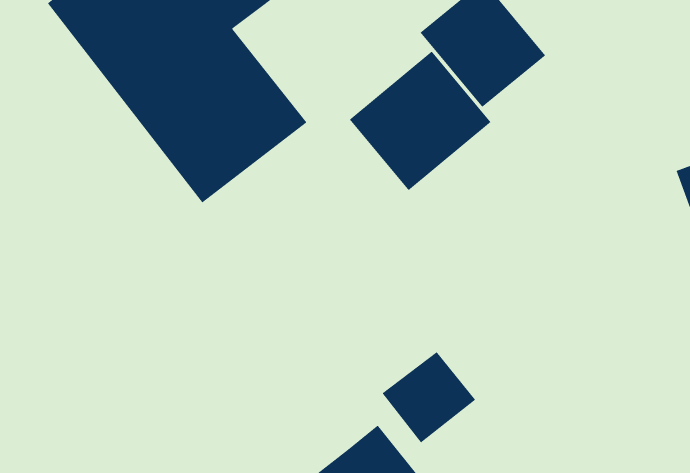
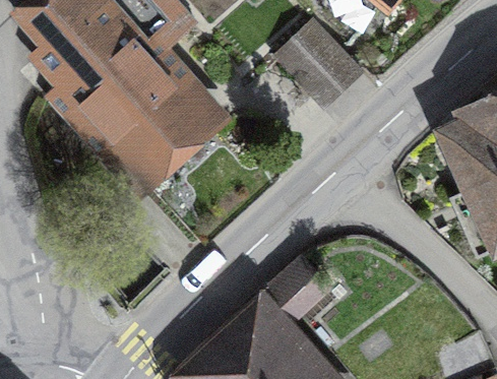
building: [349,51,492,191] -> none

